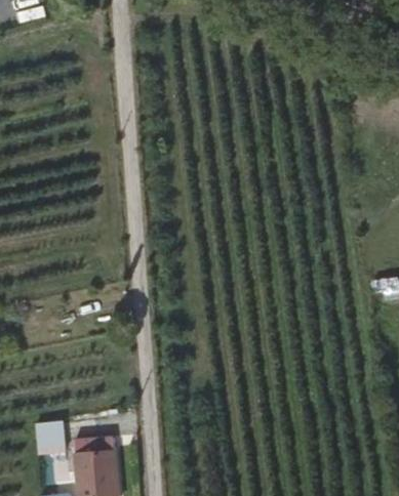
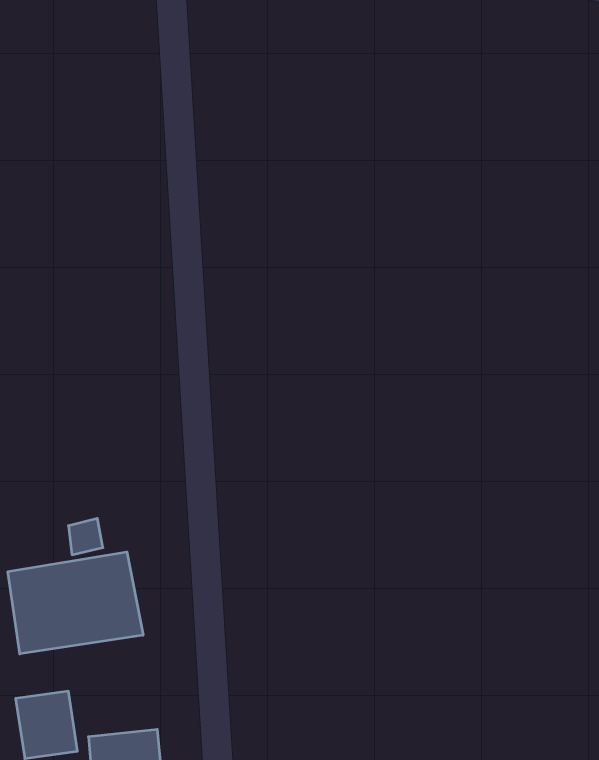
building: none -> [8,552,143,654]

